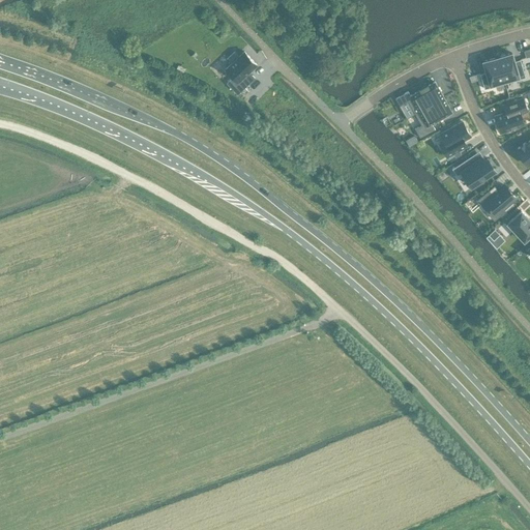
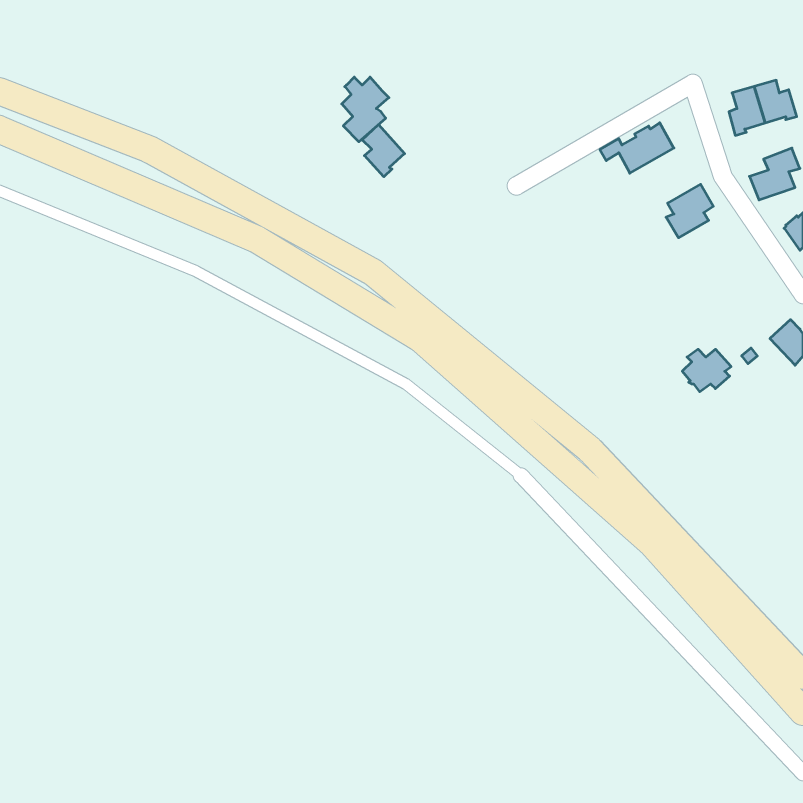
building: none -> [362,125,405,177]
building: [413,98,450,139] -> none
building: [451,153,494,186] -> none
building: [482,186,514,214] -> [682,349,731,392]

